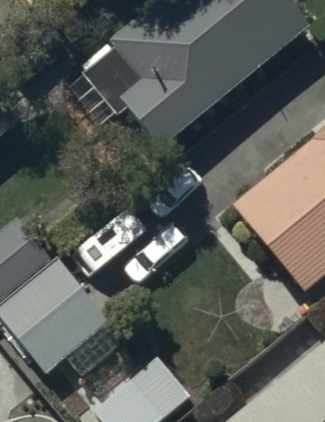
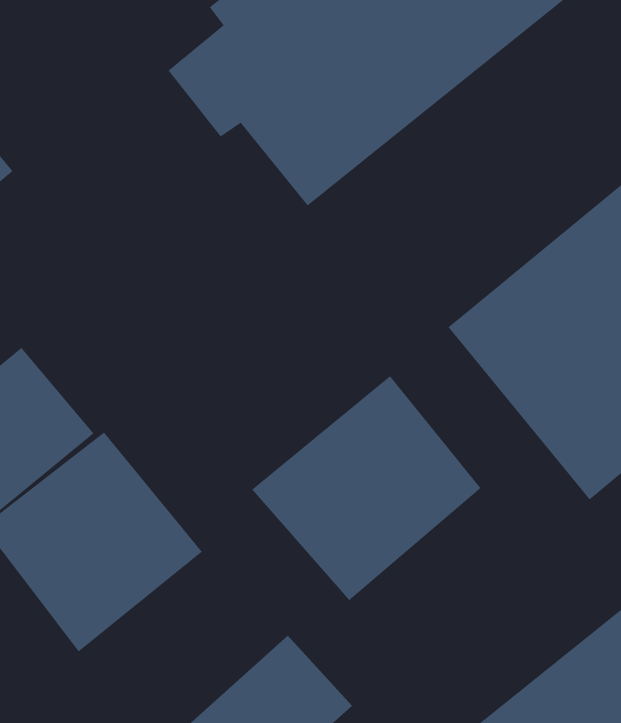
building: none -> [251,375,482,601]

